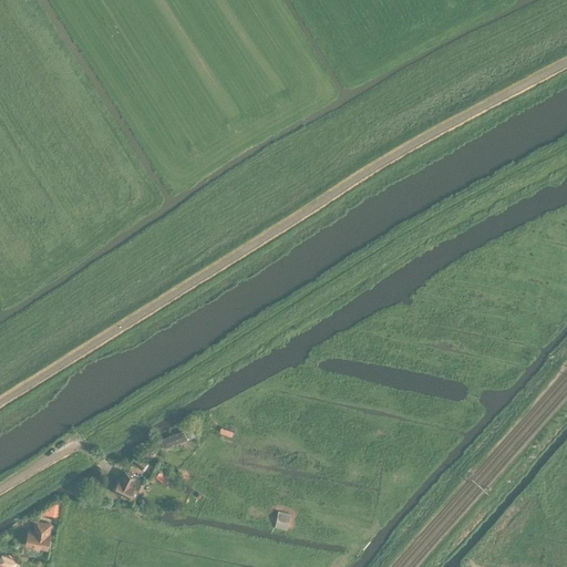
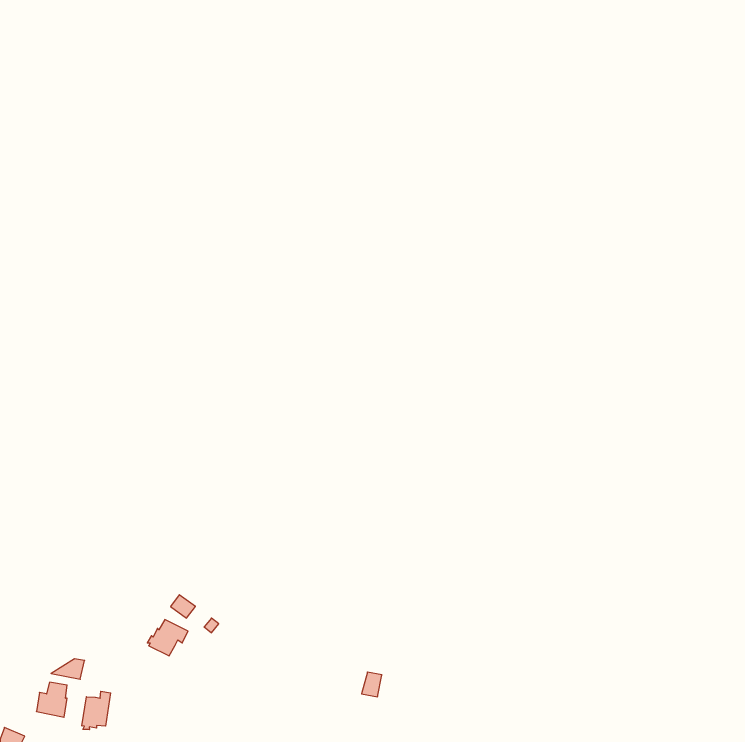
building: none -> [82,691,111,730]

